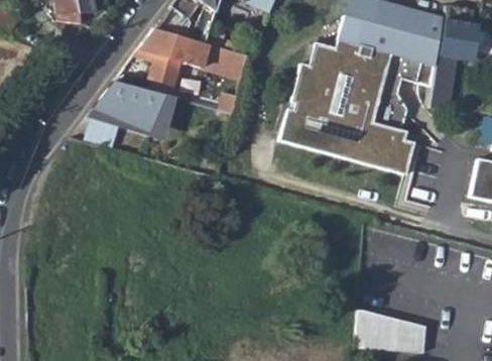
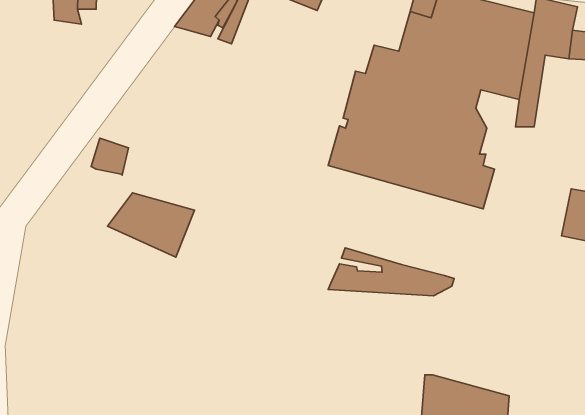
building: [149,29,247,88] -> none
building: [94,80,164,132] -> [108,193,194,257]
building: none -> [328,248,454,296]

